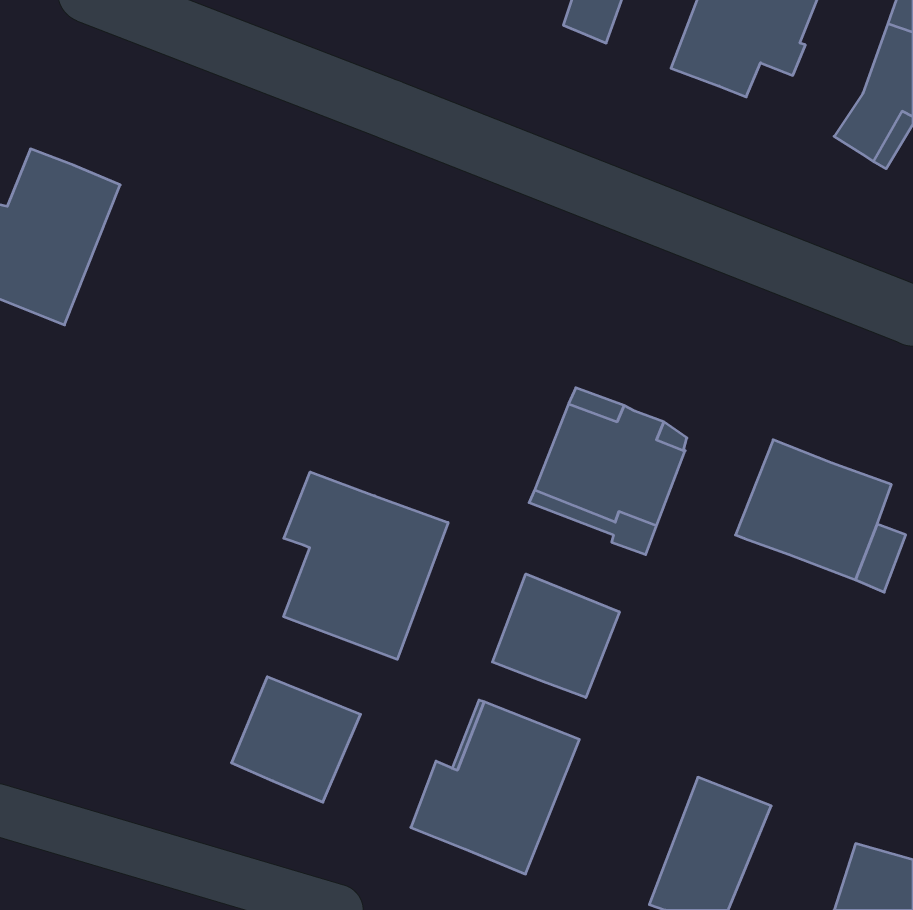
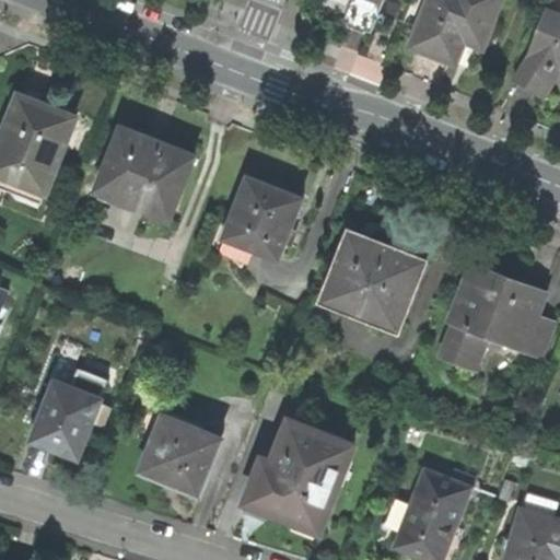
building: none -> [95,122,192,214]
building: none -> [211,174,302,258]
building: [284,472,448,659] -> none
building: none -> [442,328,481,370]
building: [492,574,619,698] -> none
building: none -> [32,377,109,460]

